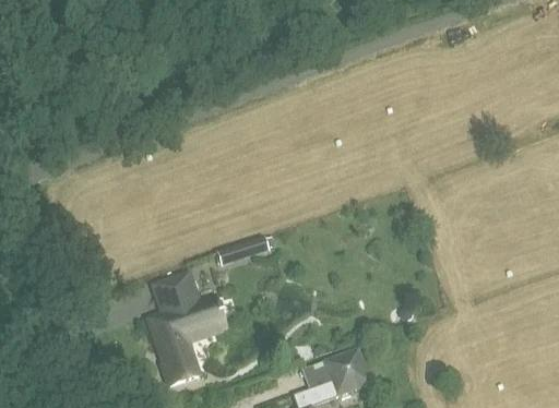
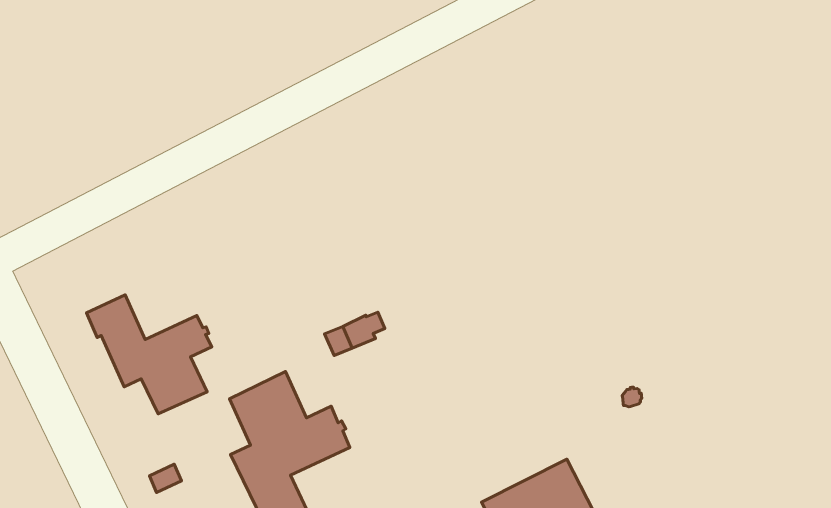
building: none -> [87,295,212,414]

